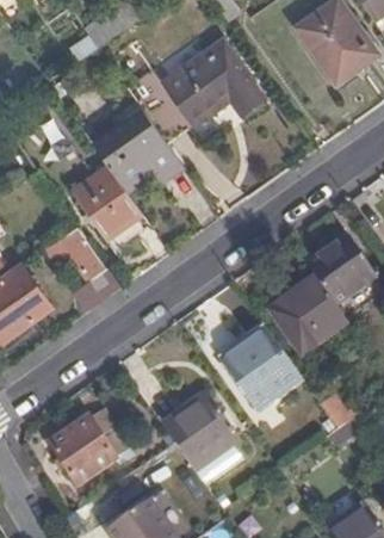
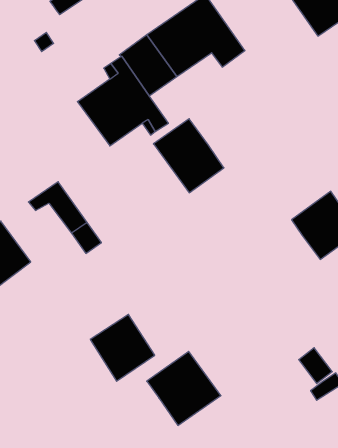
building: [72,165,142,239] -> [153,119,224,193]
building: [274,280,348,354] -> none
building: [222,326,299,404] -> none
building: [50,418,114,484] -> [90,314,155,381]

